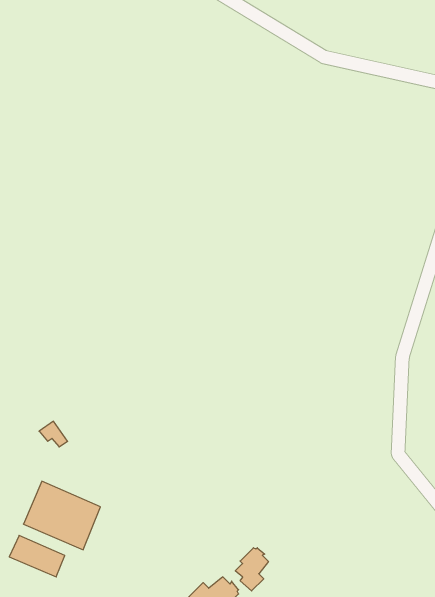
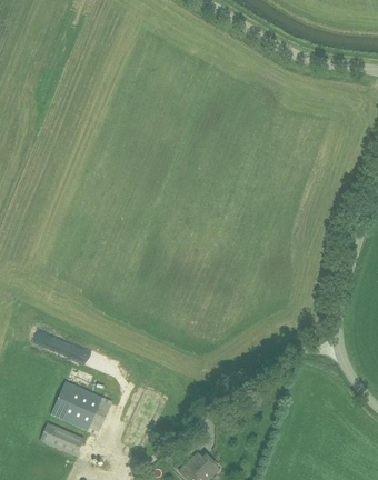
building: [235,548,268,591] -> none

